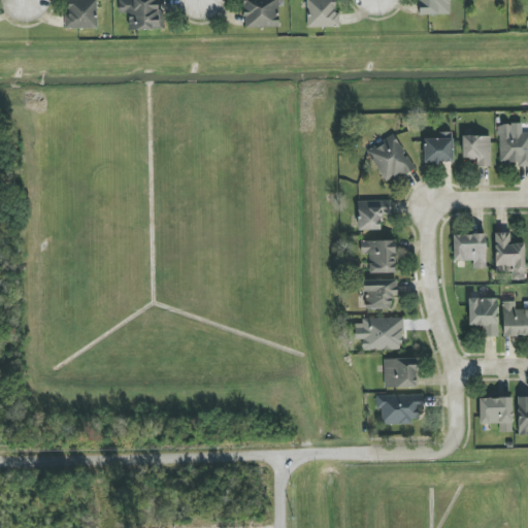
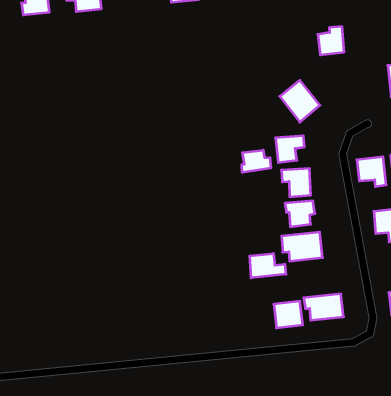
building: [423,131,453,163] -> [318,27,344,55]
building: [461,135,491,166] -> none
building: none -> [242,150,271,172]
building: none -> [250,253,286,278]
building: [384,357,417,387] -> [274,301,303,328]

